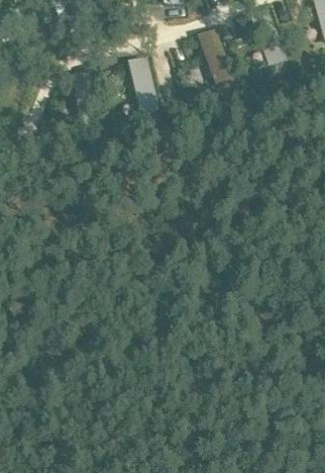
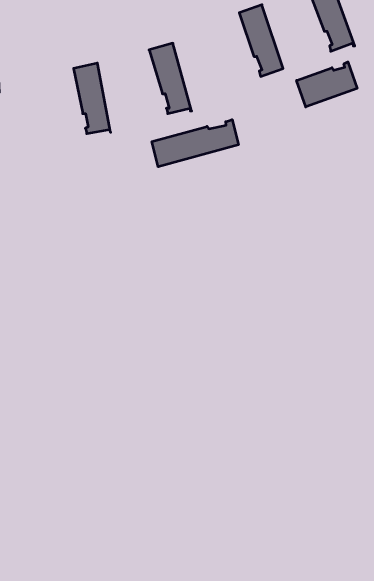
building: none -> [297,62,357,107]
building: none -> [152,120,238,167]

